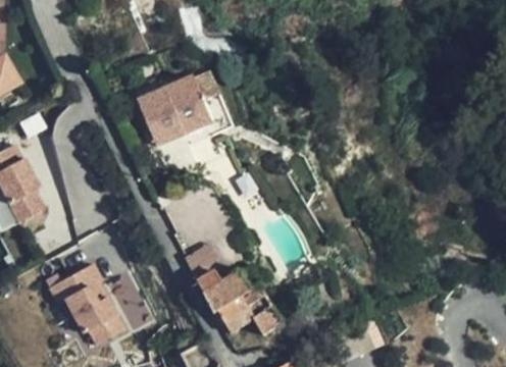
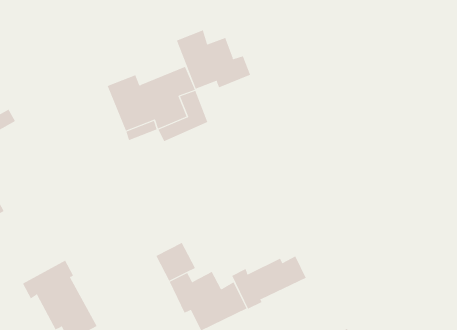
building: none -> [176,30,251,89]
building: none -> [232,256,307,309]

